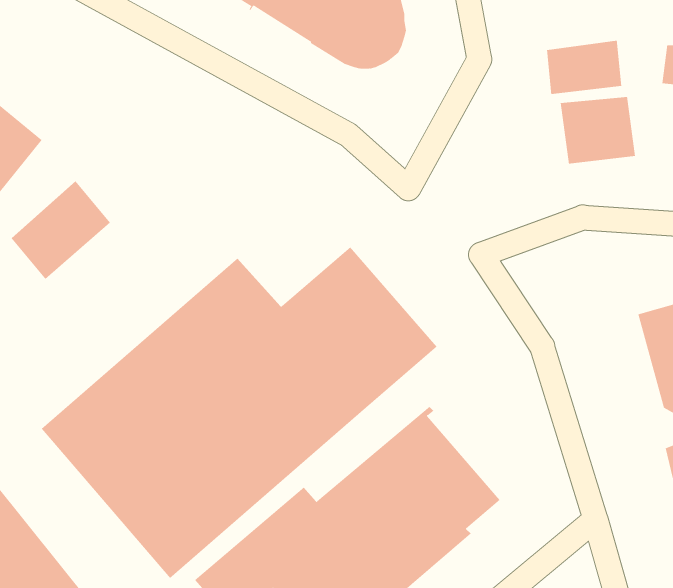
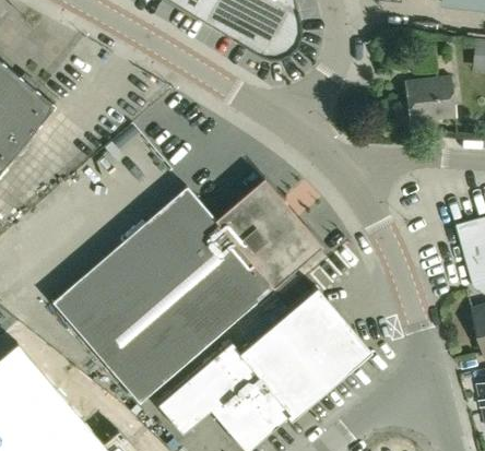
building: [547,40,622,95] -> none
building: [11,180,111,280] -> none

